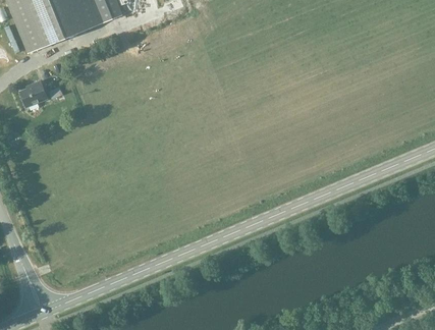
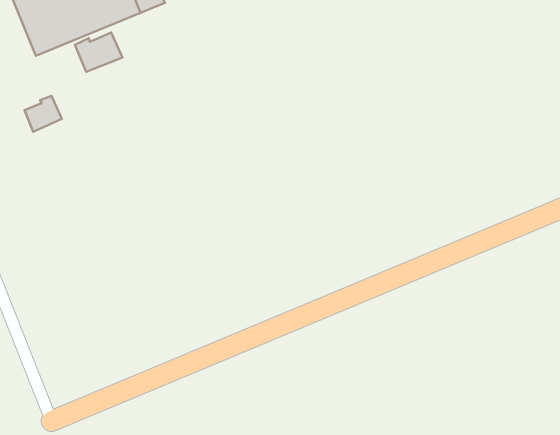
building: none -> [75,33,122,72]

